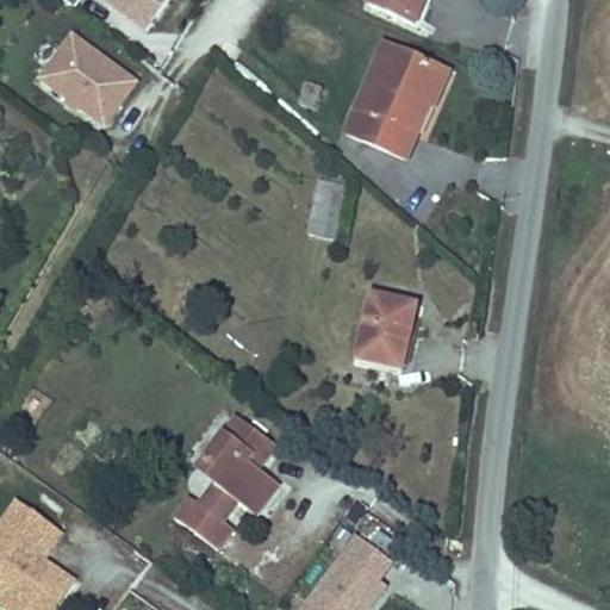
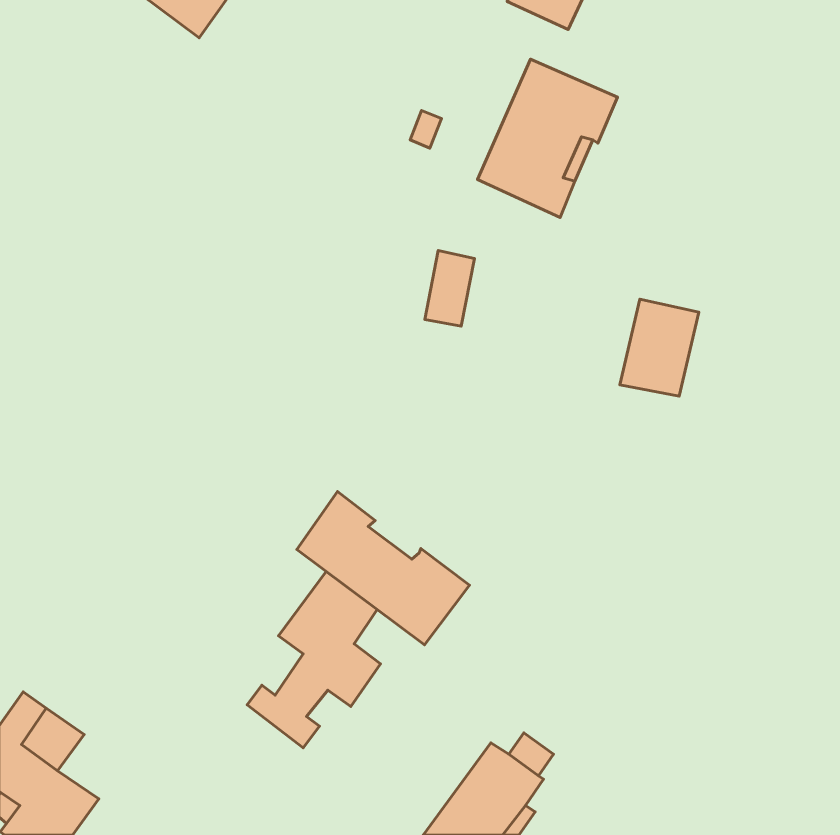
building: [38,32,133,123] -> none
building: [357,295,415,366] -> [620,299,699,396]
building: none -> [297,491,469,645]

